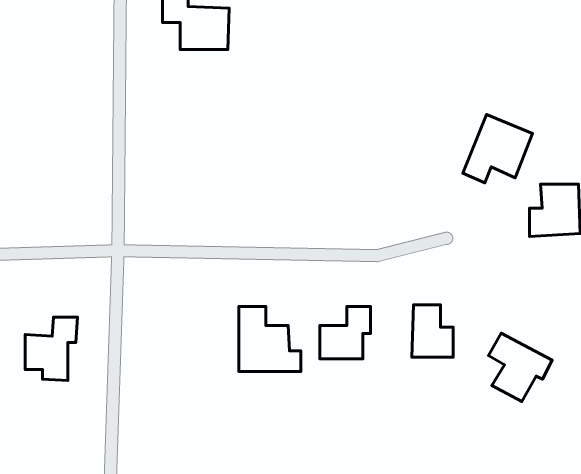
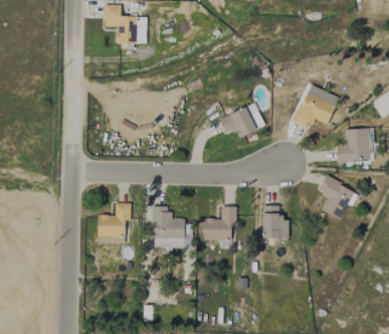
building: none -> [219,103,264,138]
building: [25,317,77,381] -> [98,203,131,243]
building: [489,333,552,401] -> [318,176,358,219]

